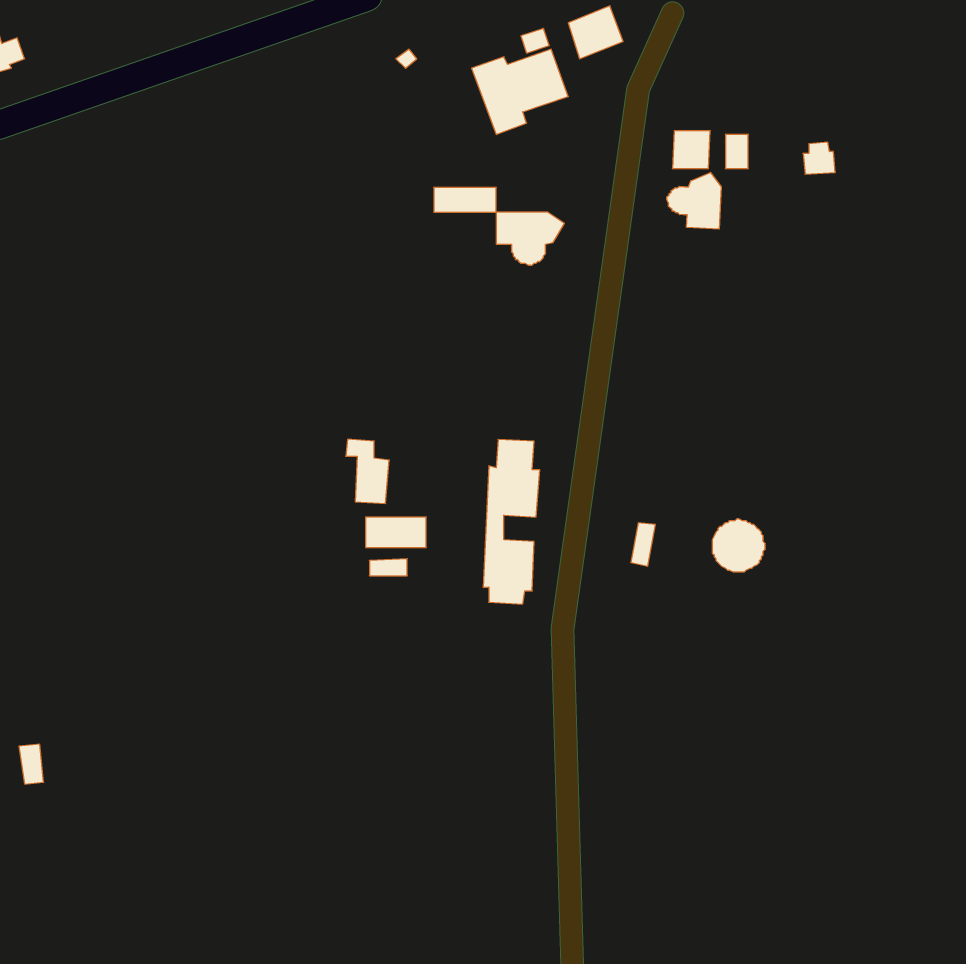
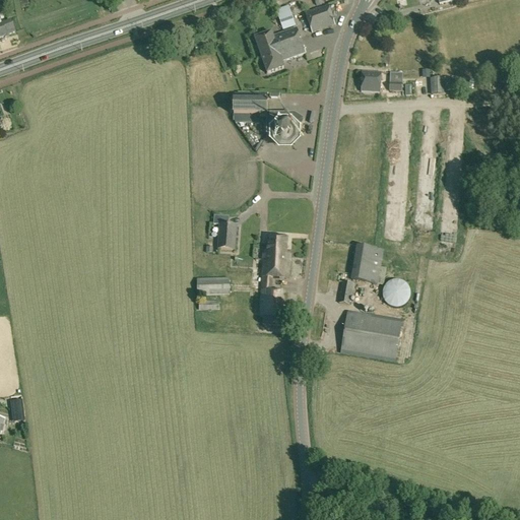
building: [667,172,721,229] -> none
building: [346,439,389,504] -> [212,214,236,249]
building: none -> [351,245,386,283]
building: none -> [340,310,401,361]

